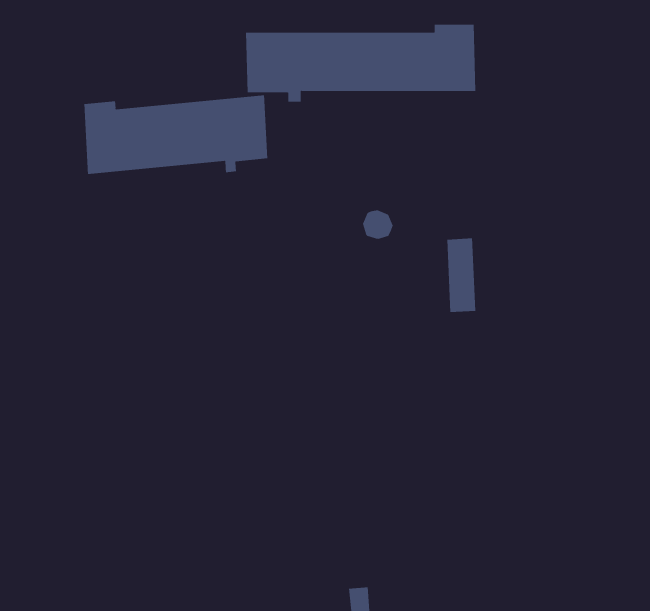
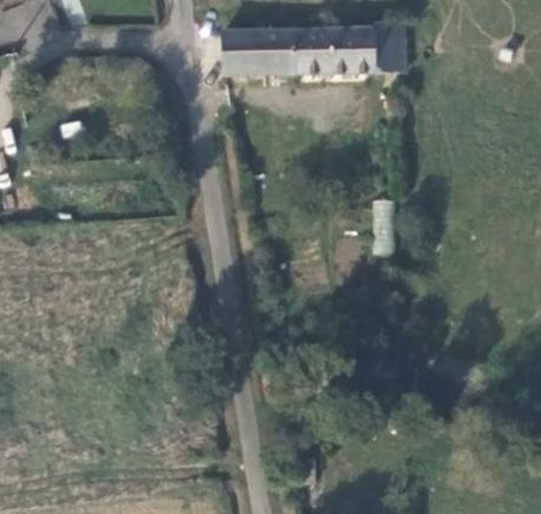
building: [84,94,268,175] -> none

